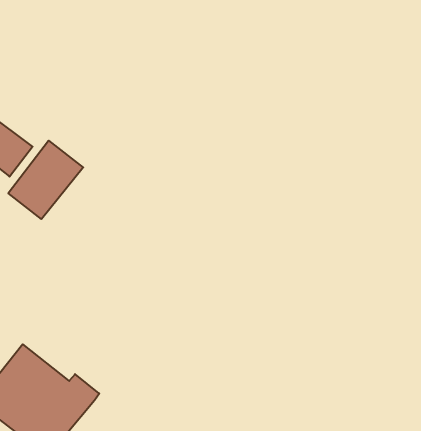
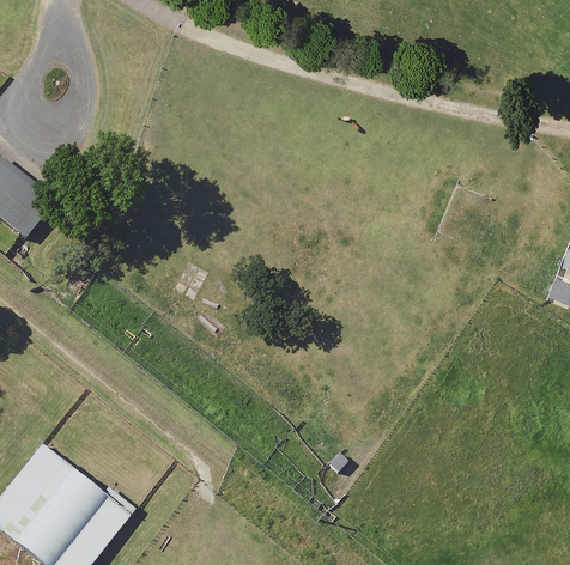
building: [8,141,83,219] -> none

